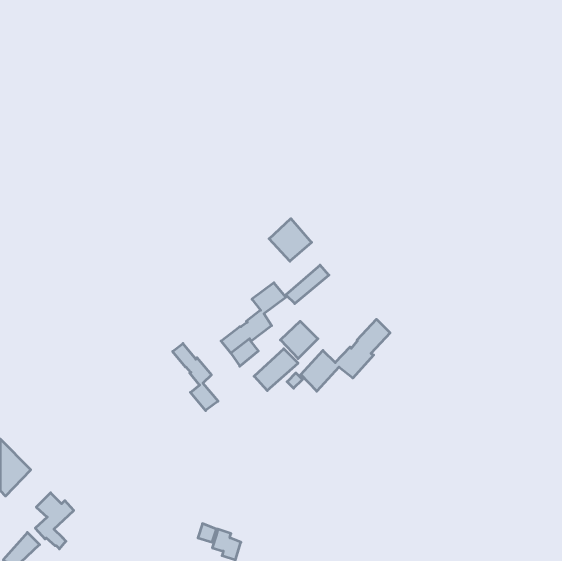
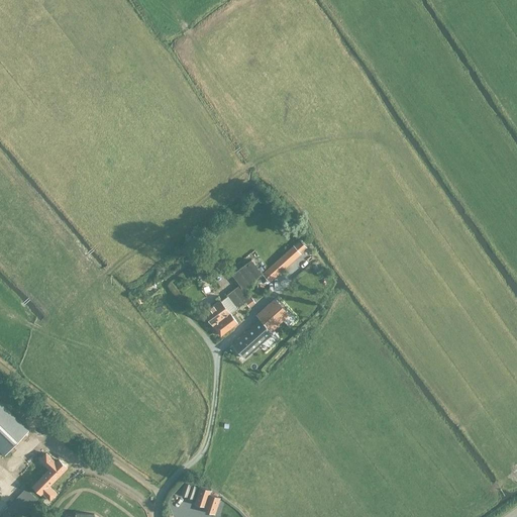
building: [269,219,312,261] -> none
building: [301,319,390,391] -> none
building: [173,343,218,411] -> none

